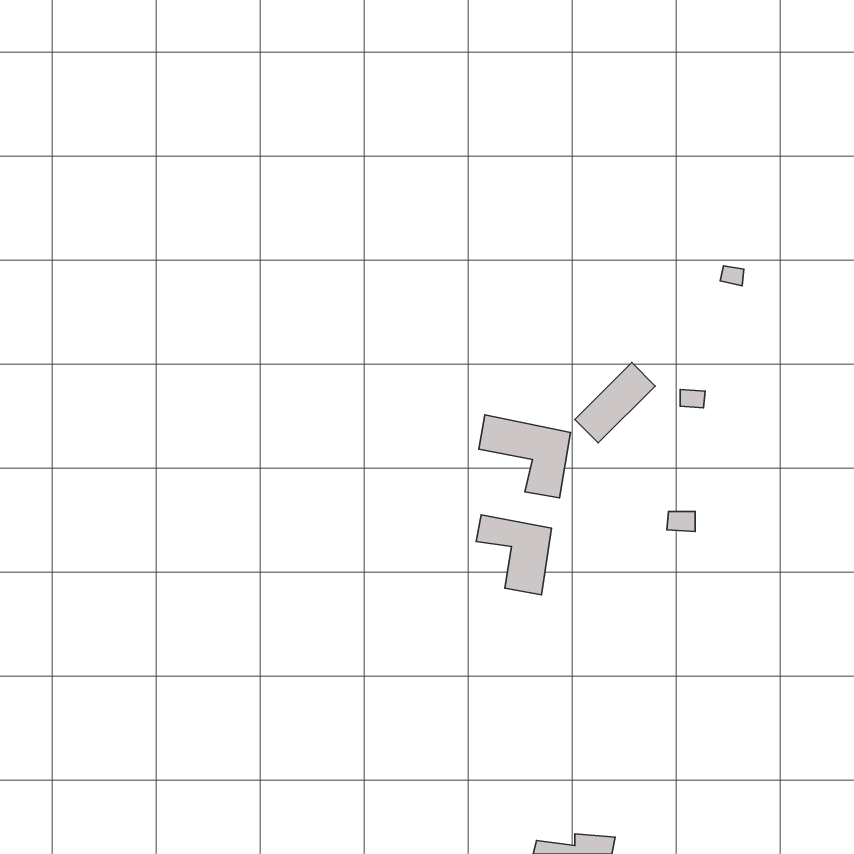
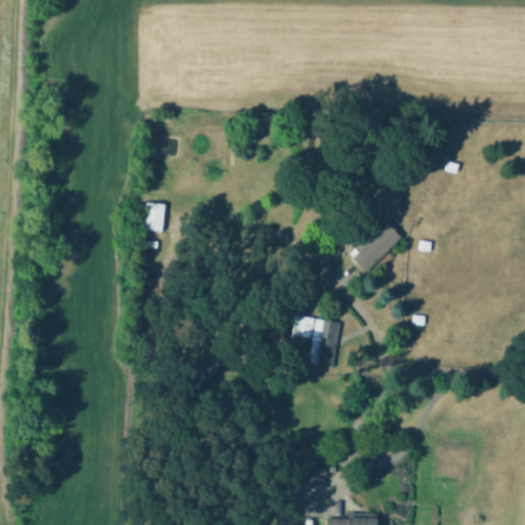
building: none -> [146,202,163,230]
building: [479,415,571,498] -> none

